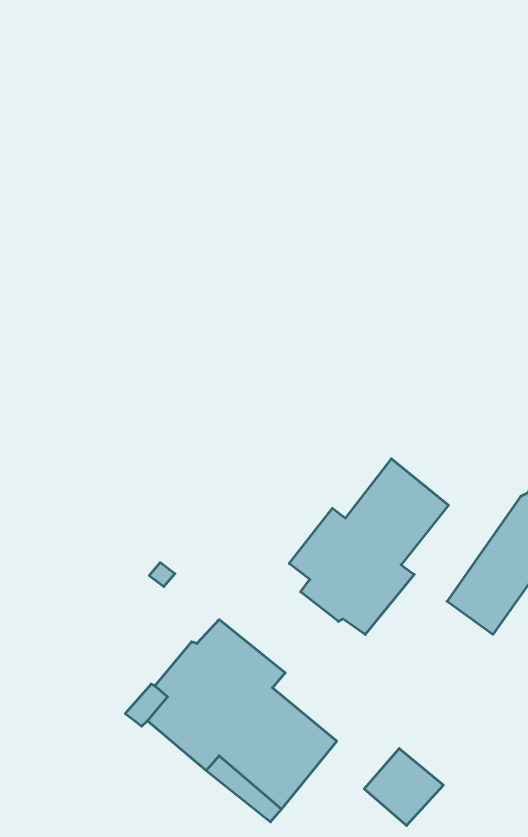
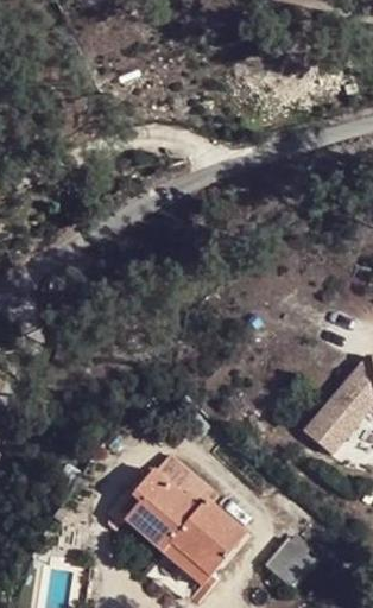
building: [289,459,448,635] -> none

